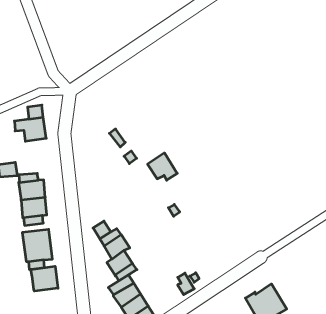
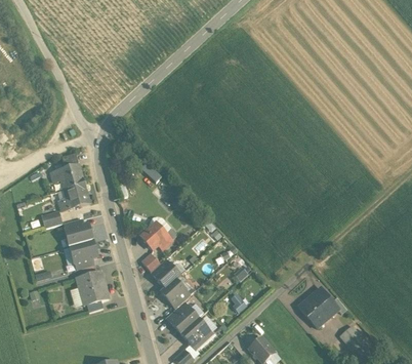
building: none -> [58,184,89,210]
building: [148,153,177,180] -> [141,223,171,248]
building: [31,266,58,291] -> none

